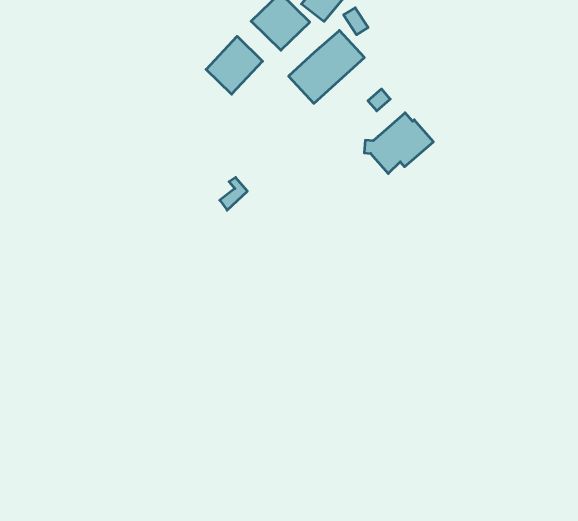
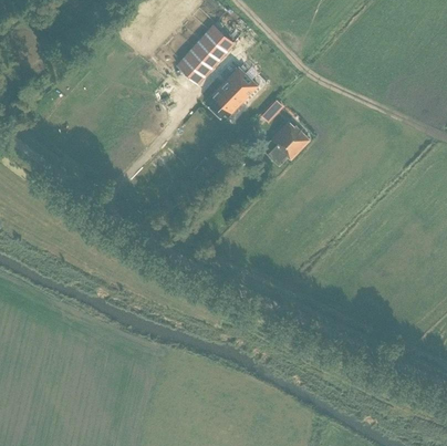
building: [206,36,263,94] -> none

